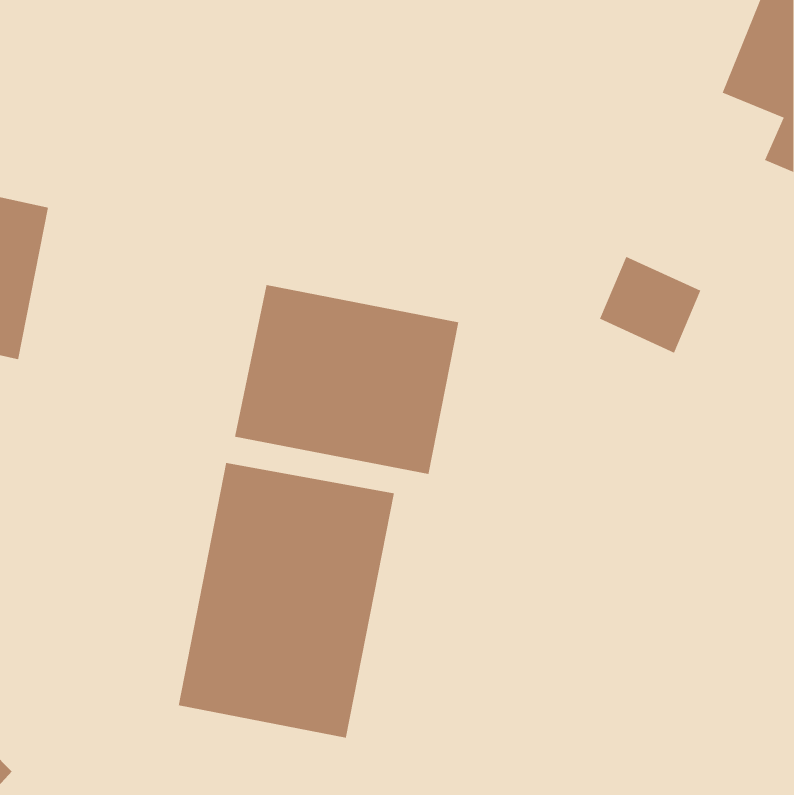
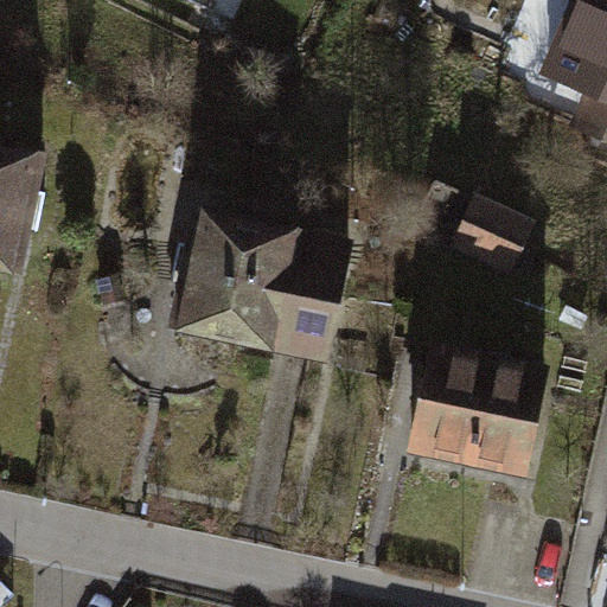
building: none -> [409,346,542,478]
building: [178,462,394,739] -> none

